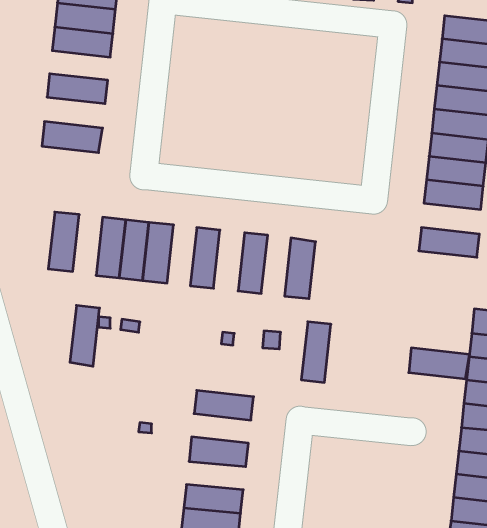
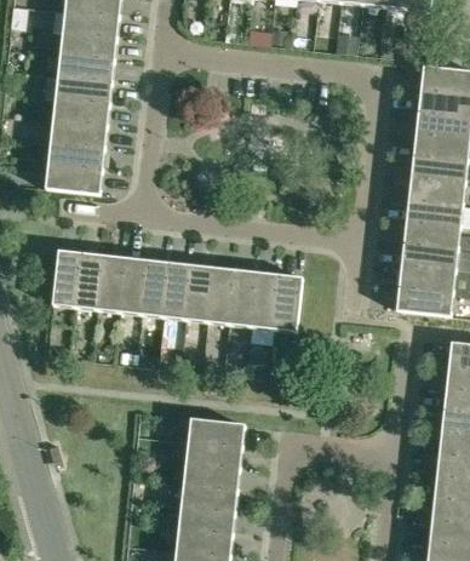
building: none -> [52,98,109,126]
building: none -> [47,142,104,171]
building: none -> [401,241,457,270]
building: none -> [162,262,190,319]
building: none -> [206,267,235,324]
building: [70,305,100,366] -> [74,252,102,309]
building: [301,322,331,382] -> [251,271,279,328]
building: [409,348,469,379] -> [396,286,453,315]
building: none -> [185,439,241,466]
building: none -> [180,483,236,510]

